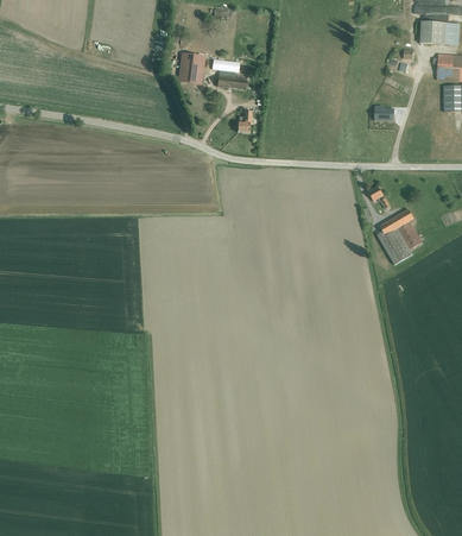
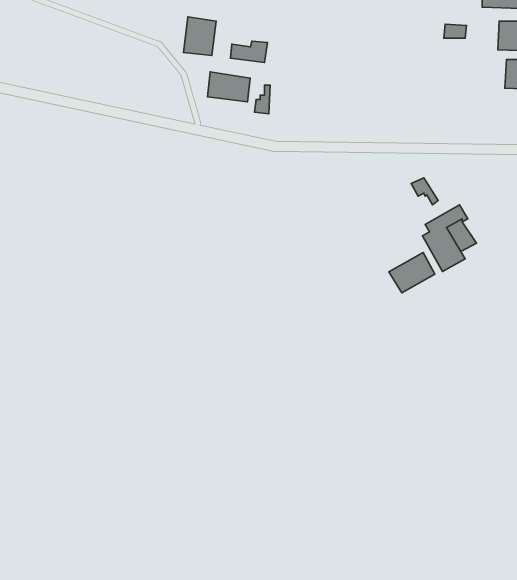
building: none -> [207,72,250,102]
building: none -> [389,252,435,293]

